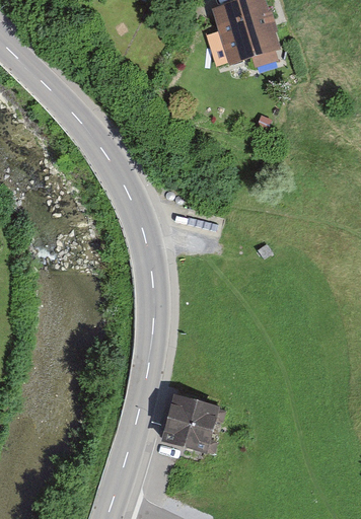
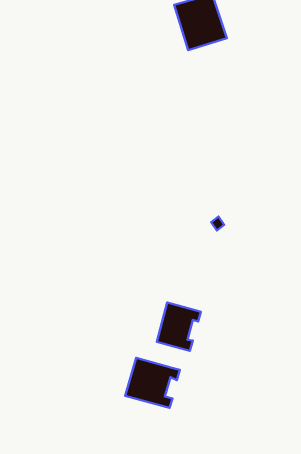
building: none -> [157,303,201,351]

